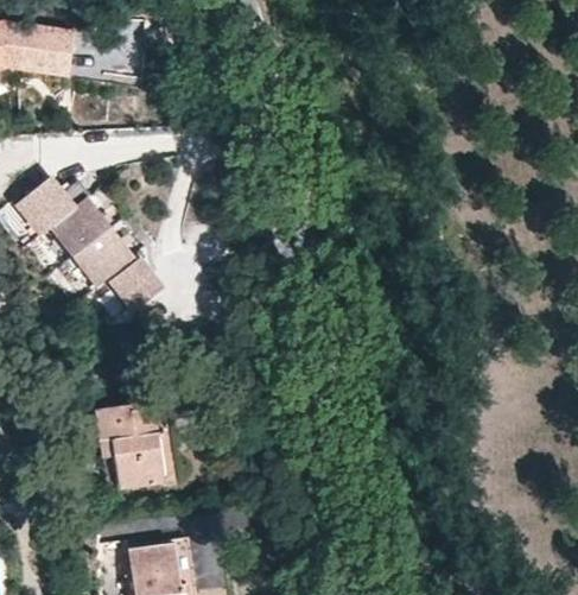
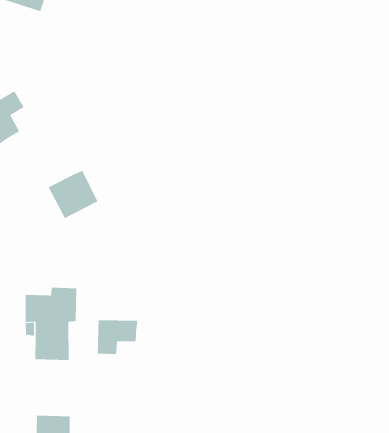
building: [50,185,134,289] -> none
building: none -> [97,320,138,355]

